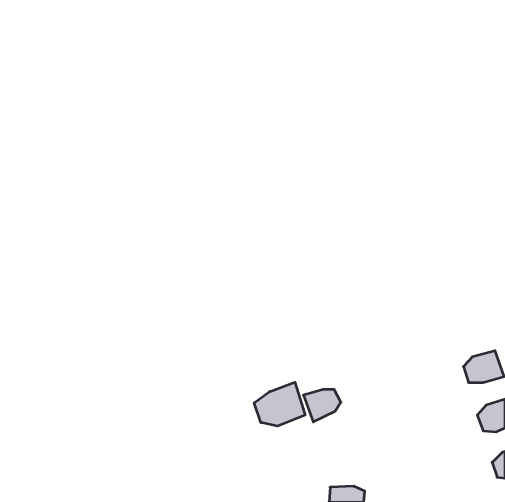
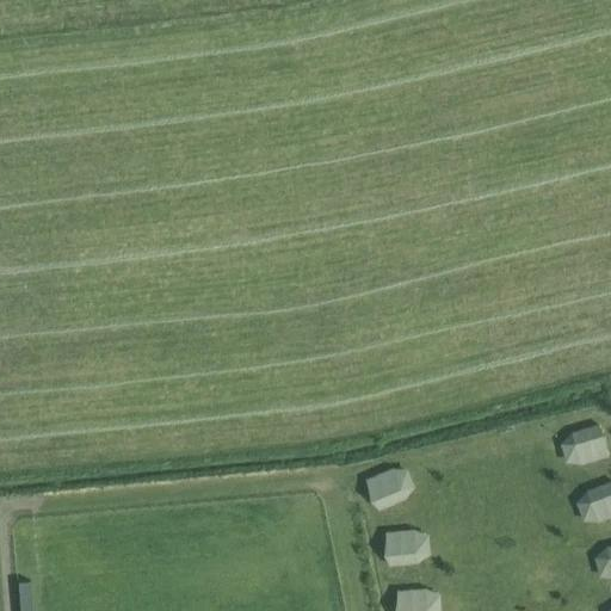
building: [254,382,305,426] -> none
building: none -> [387,530,430,567]

